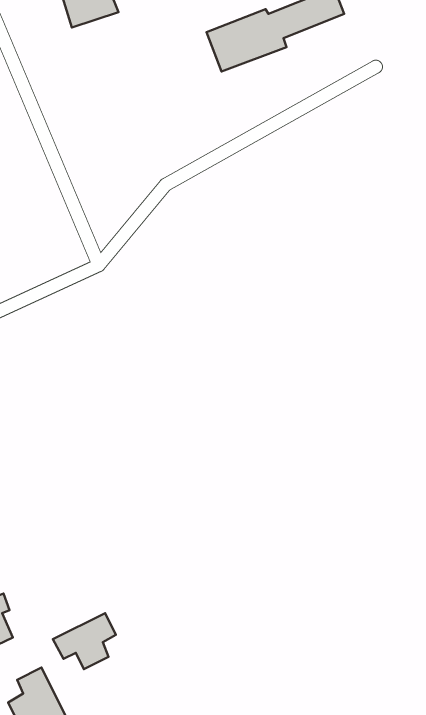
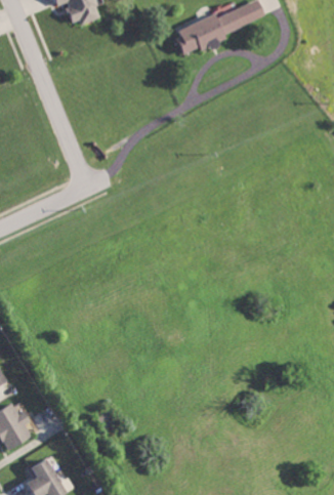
building: [53,613,116,669] -> none

